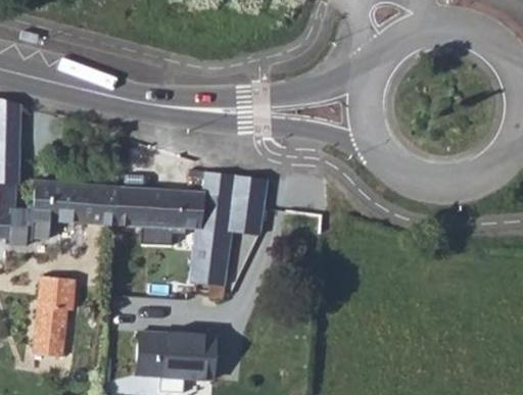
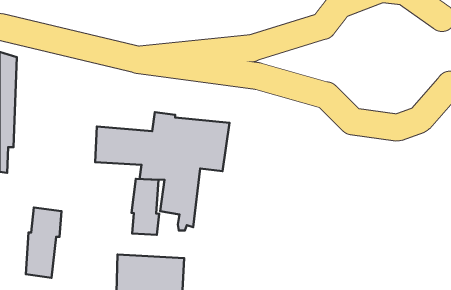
building: [9,182,113,247] -> none
building: none -> [132,179,159,235]

